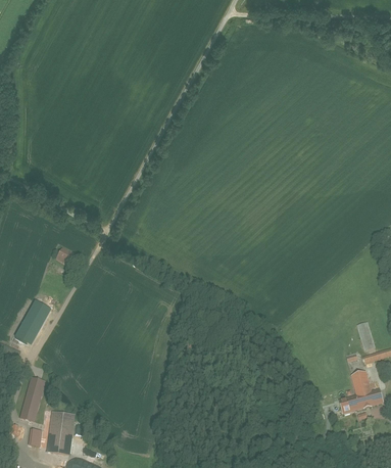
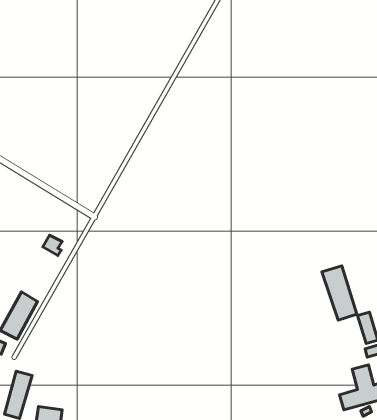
building: none -> [322,266,357,320]

